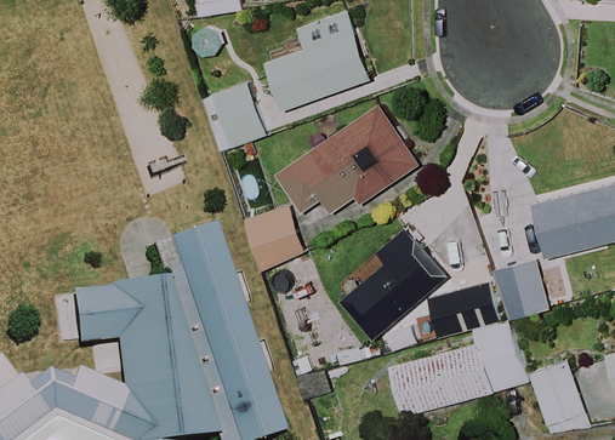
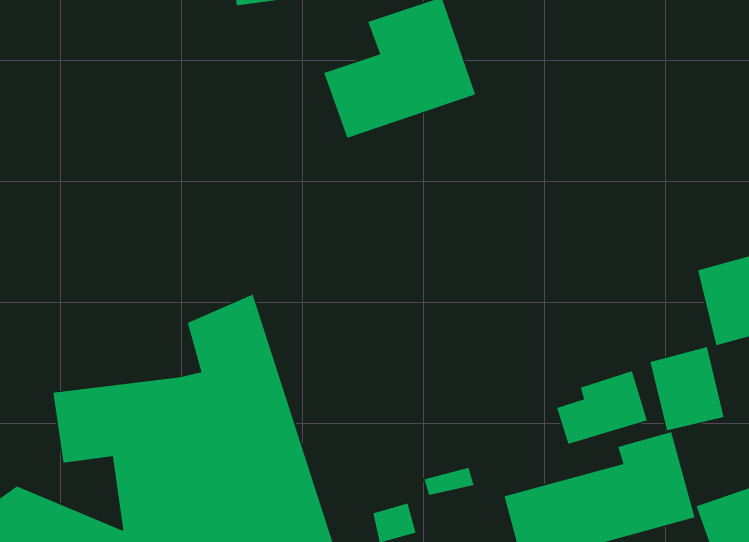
building: [217,82,267,147] -> none
building: [285,101,428,210] -> none
building: [251,204,313,269] -> none
building: [336,228,449,341] -> none

